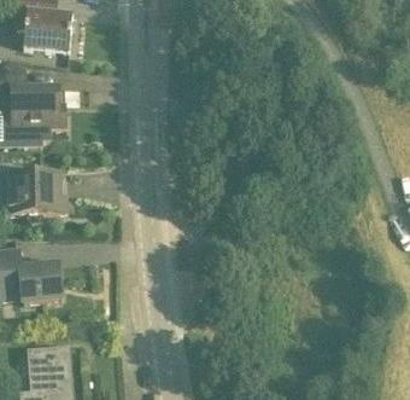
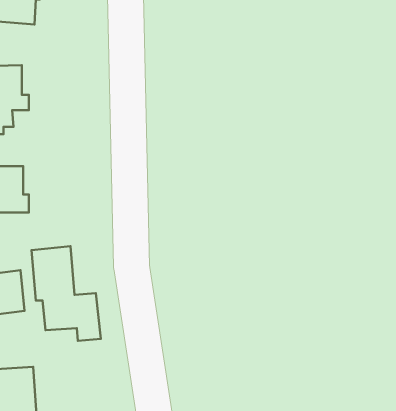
building: none -> [31,246,101,341]

